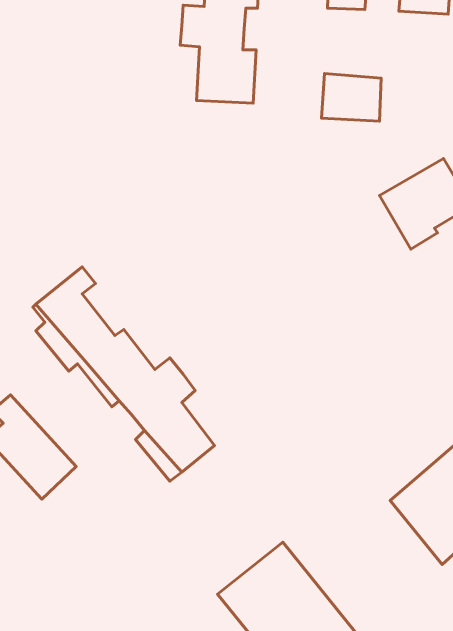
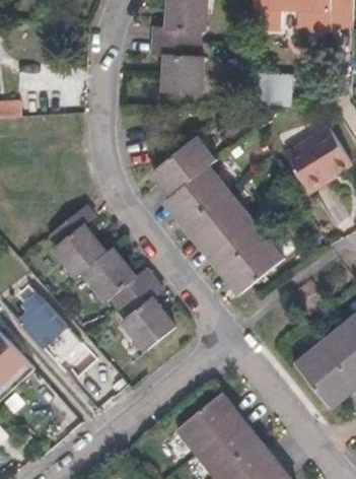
building: none -> [151,137,283,294]

